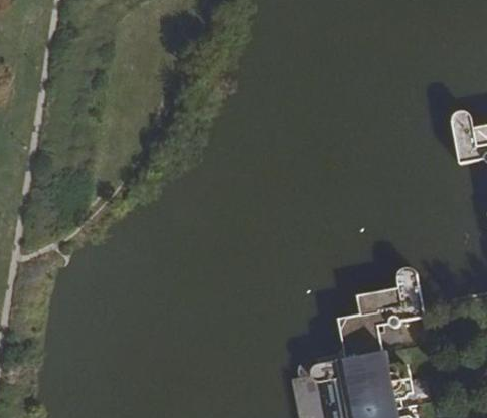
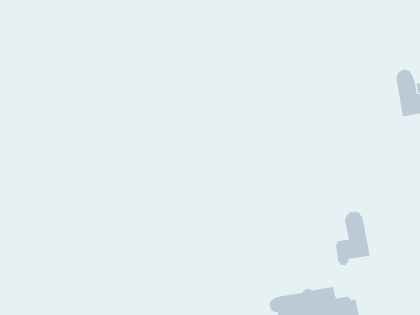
building: [336,289,395,360] -> none

